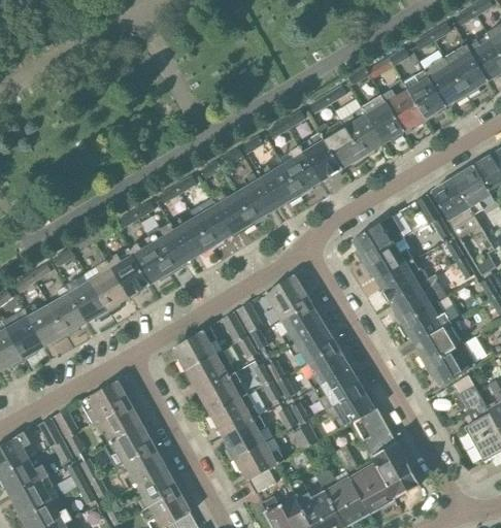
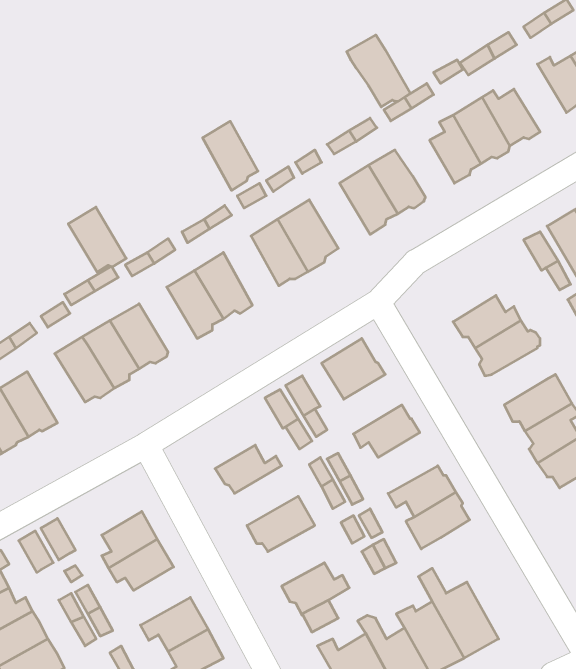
building: [406,70,445,121] -> none
building: [314,116,362,169] -> [347,35,410,107]
building: [256,159,299,206] -> none
building: [190,198,231,250] -> [203,121,258,190]
building: [352,217,402,262] -> none
building: [127,236,170,285] -> [68,207,126,272]
building: [390,274,443,324] -> none
building: [42,286,87,337] -> none
building: [279,301,323,345] -> none
building: [173,326,214,371] -> none
building: [305,344,349,390] -> none
building: [198,369,245,414] -> none
building: [79,381,129,424] -> none
building: [352,408,420,498] -> none
building: [223,414,265,459] -> none
building: [123,444,165,488] -> none

